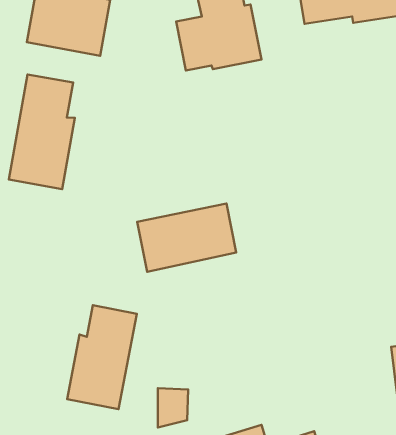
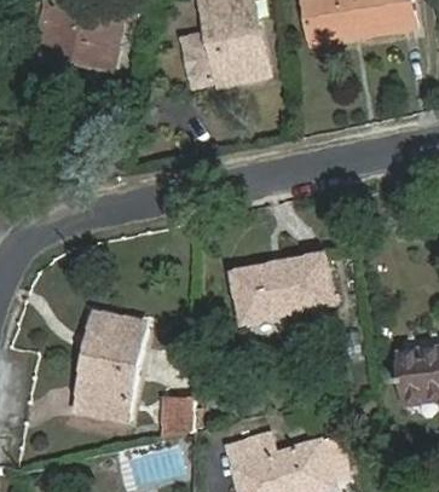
building: [9,75,75,189] -> none
building: [137,204,236,272] -> [233,254,331,322]

